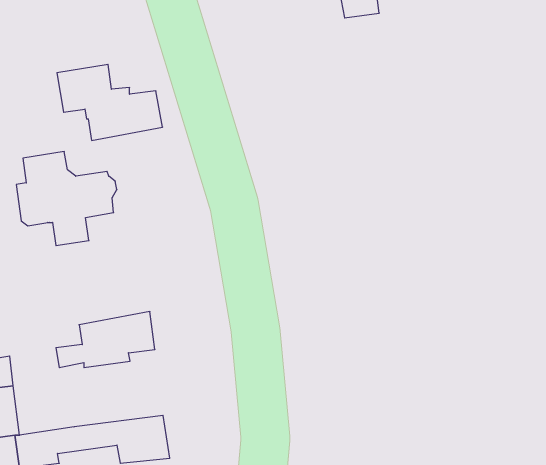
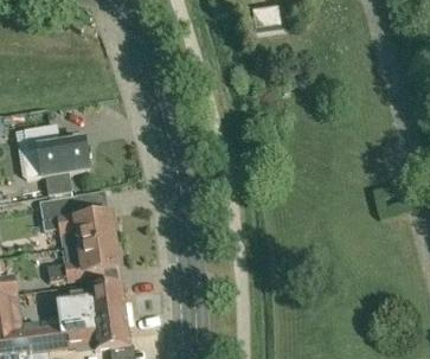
building: [57,64,163,140] -> [40,194,116,249]
building: none -> [58,284,126,322]

